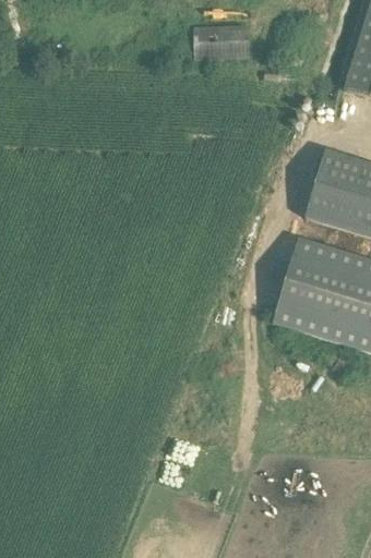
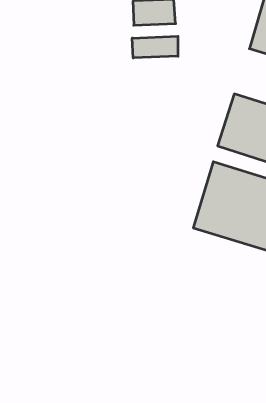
building: none -> [132,36,178,58]

